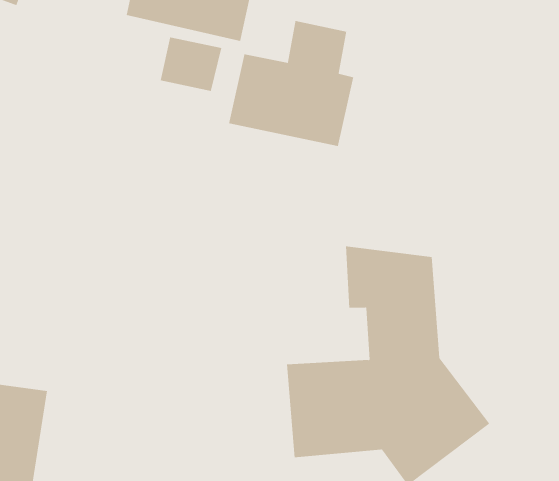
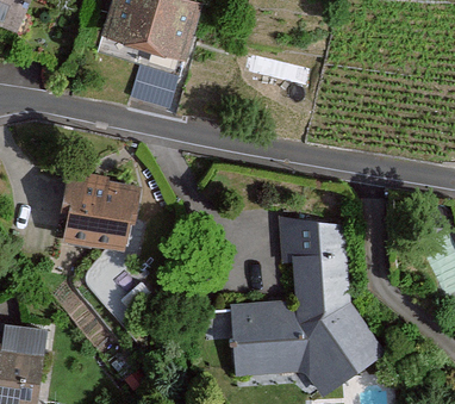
building: [228,20,354,147] -> none
building: none -> [61,176,137,253]

